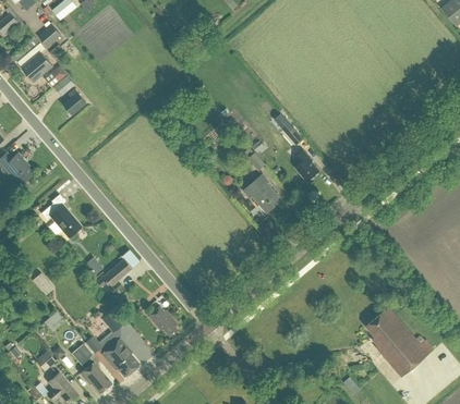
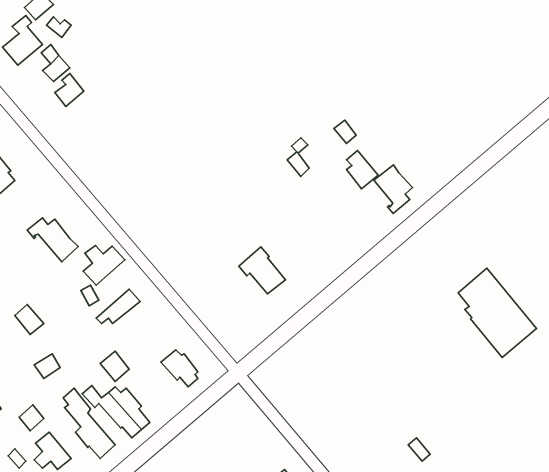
building: none -> [374,165,412,214]
building: [244,173,281,210] -> [239,247,286,294]
building: none -> [83,245,125,285]
building: [366,306,428,377] -> [458,268,536,357]

